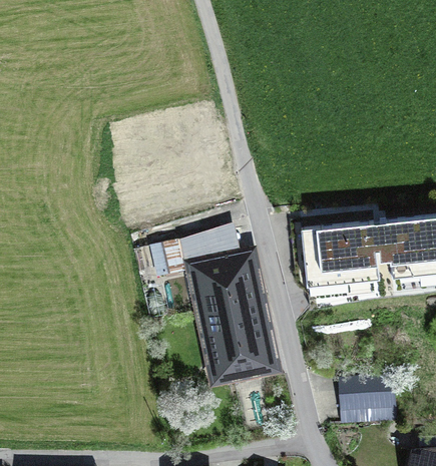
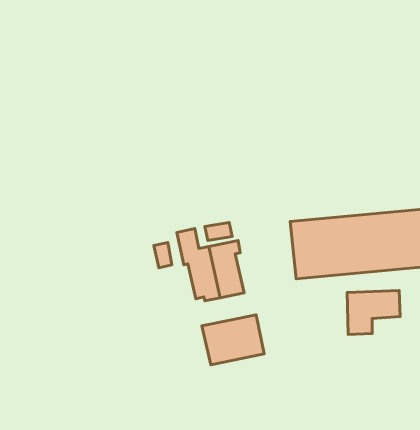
building: [204,301,266,336] -> none
building: [340,382,393,426] -> [347,290,400,334]

